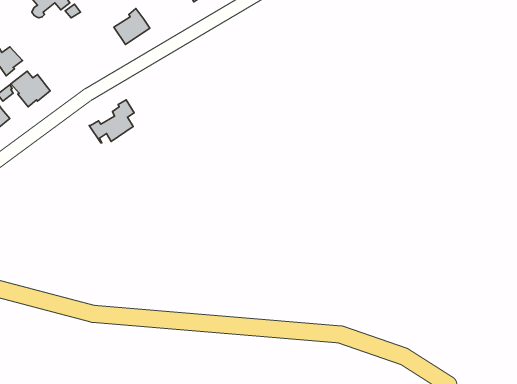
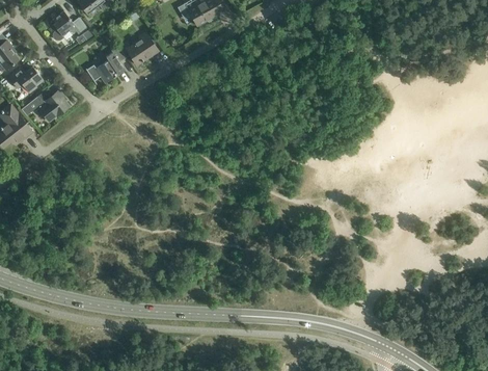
building: [89,100,134,143] -> [85,46,126,84]

